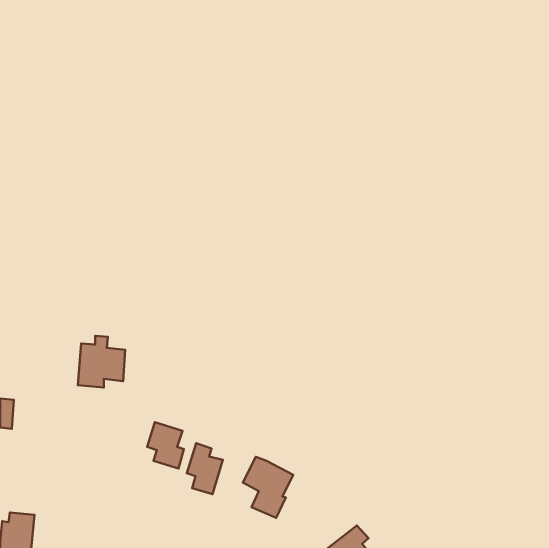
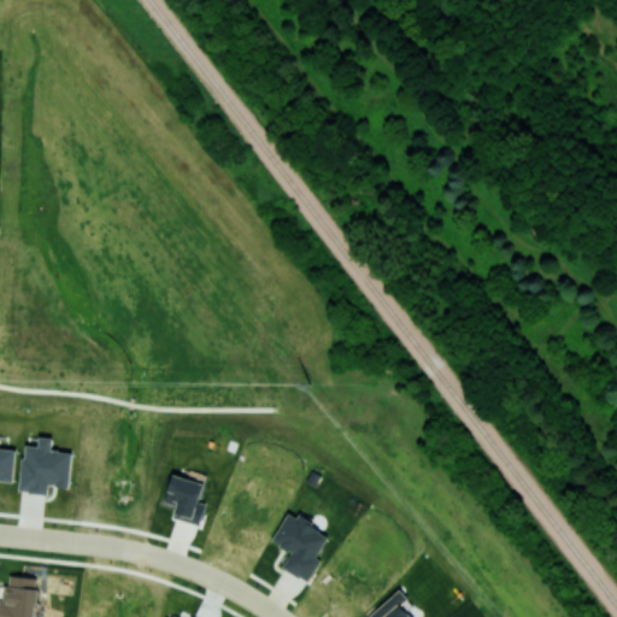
building: [78,336,125,387] -> [19,437,72,495]
building: [187,443,223,494] -> none

